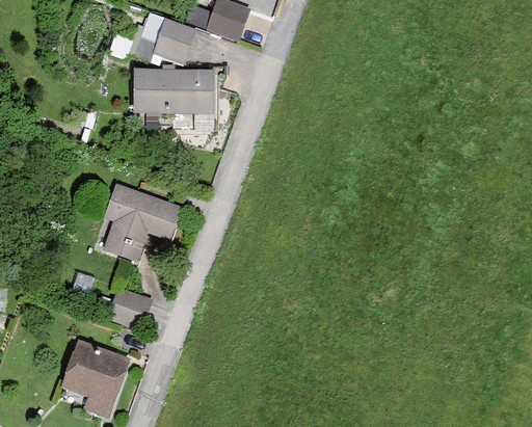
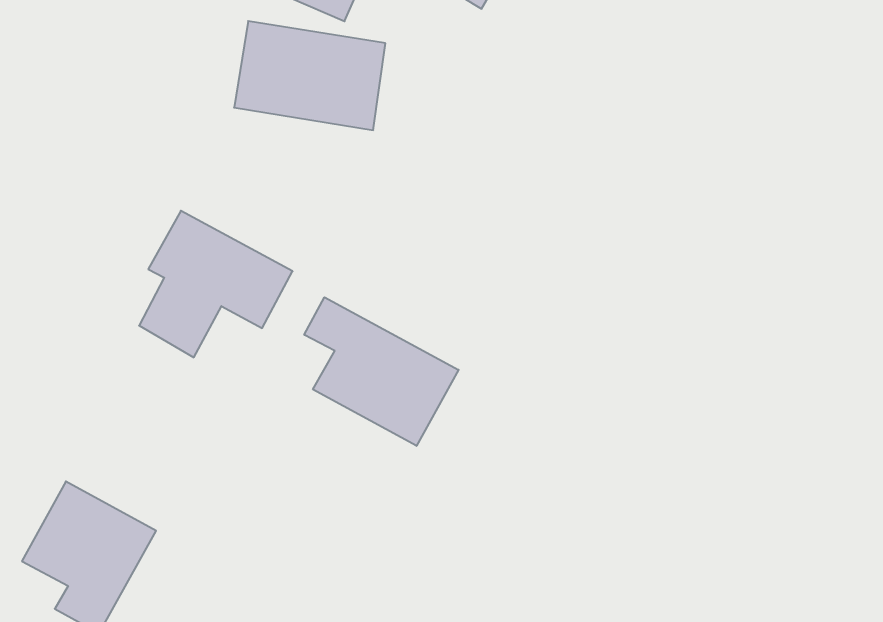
building: none -> [304,297,459,446]
building: [107,284,153,328] -> none

